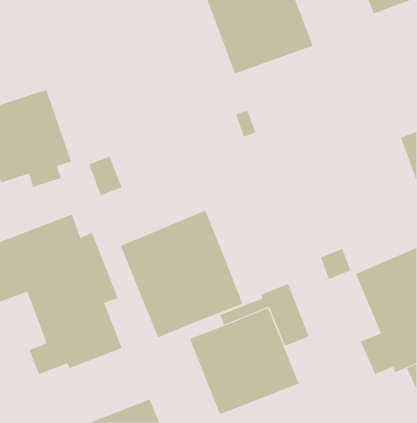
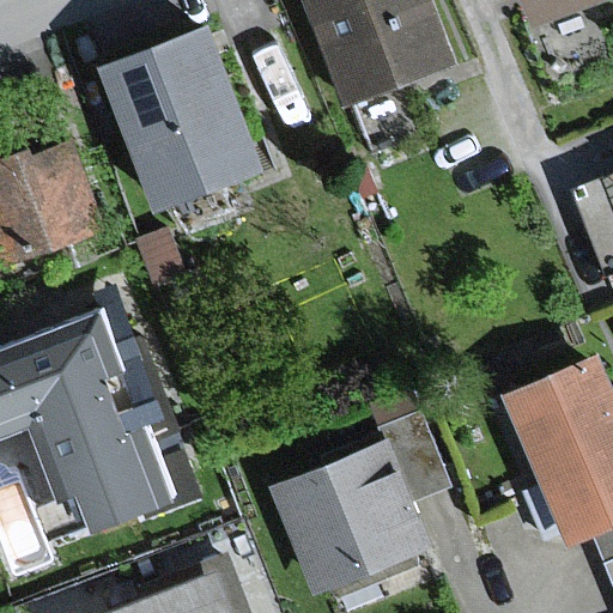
building: none -> [99,25,267,213]
building: [120,210,243,338] -> none

